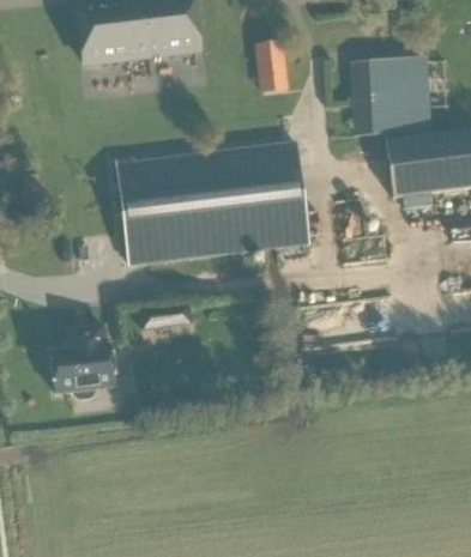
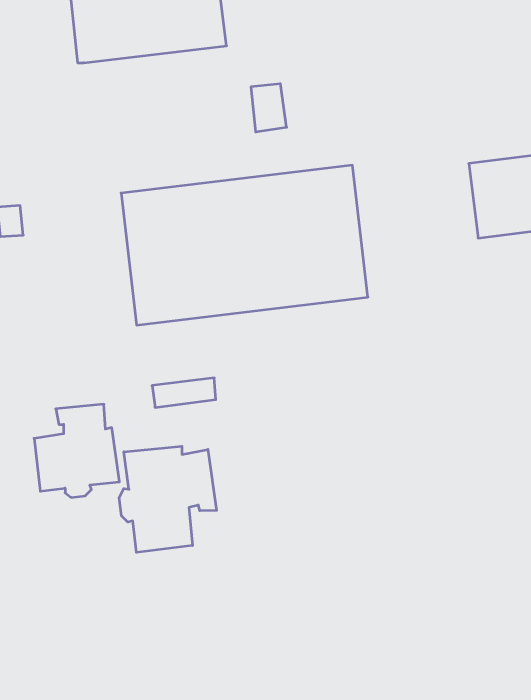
building: [258,43,285,80] -> [251,84,287,132]
building: [362,60,429,134] -> none
building: none -> [119,446,217,552]

